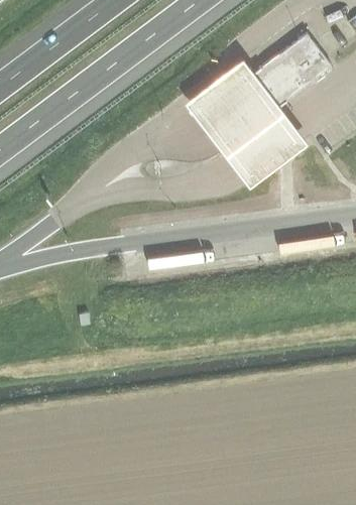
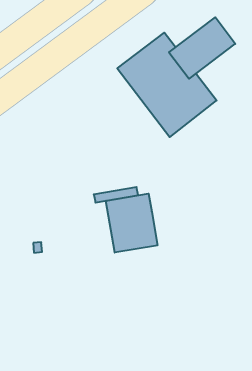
building: none -> [106,194,157,253]

